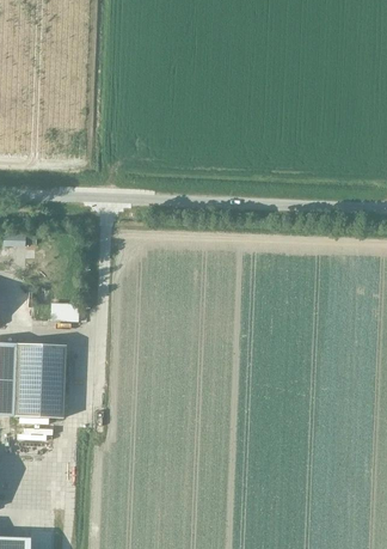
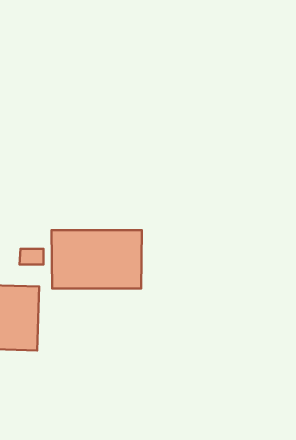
building: none -> [52,230,142,289]

